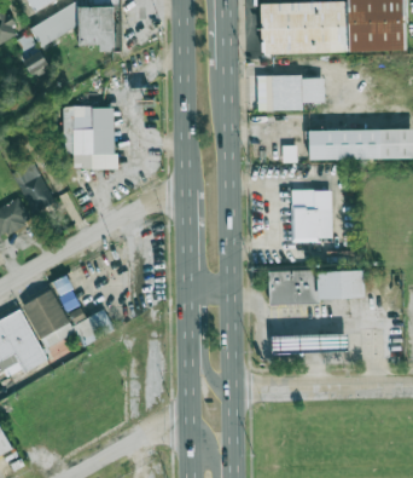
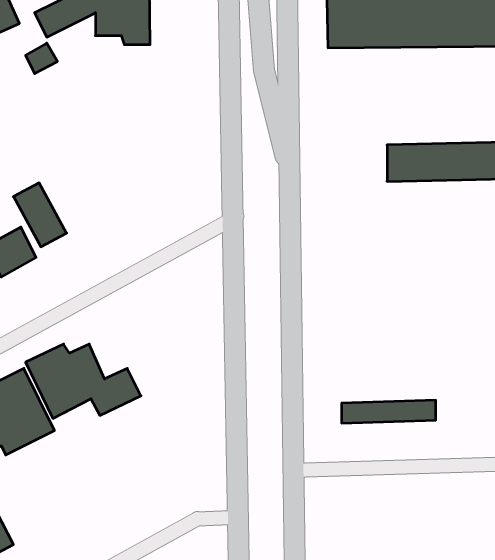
building: [256,75,324,110] -> none
building: [63,105,115,168] -> none
building: [291,190,332,240] -> none
building: [268,269,366,303] -> none

